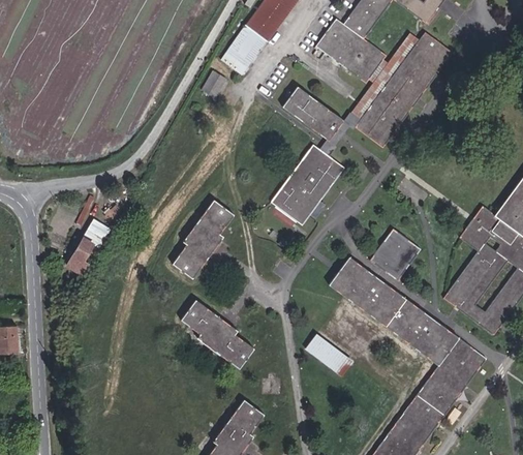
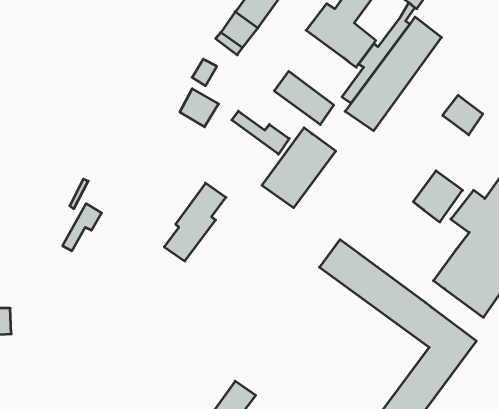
building: none -> [180,89,219,127]
building: none -> [443,95,483,135]
building: none -> [232,111,289,154]
building: [370,229,420,280] -> [413,171,463,222]
building: [181,300,254,368] -> none
building: [305,333,352,375] -> none

